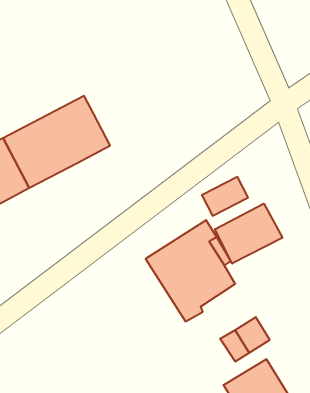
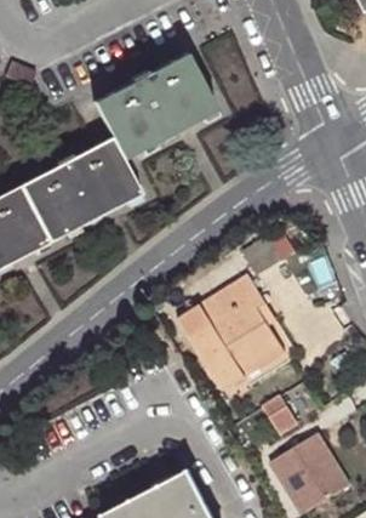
building: none -> [95,55,215,156]
building: [215,204,282,264] -> none

